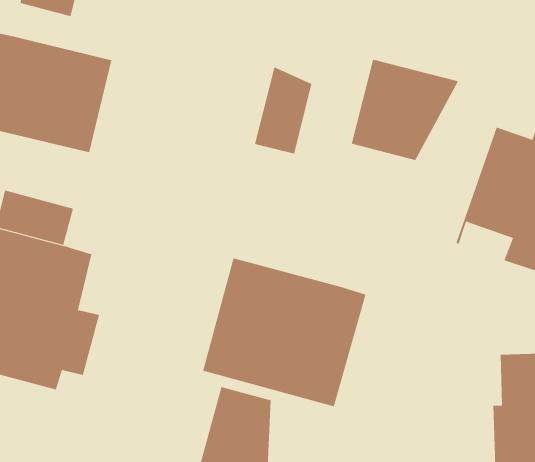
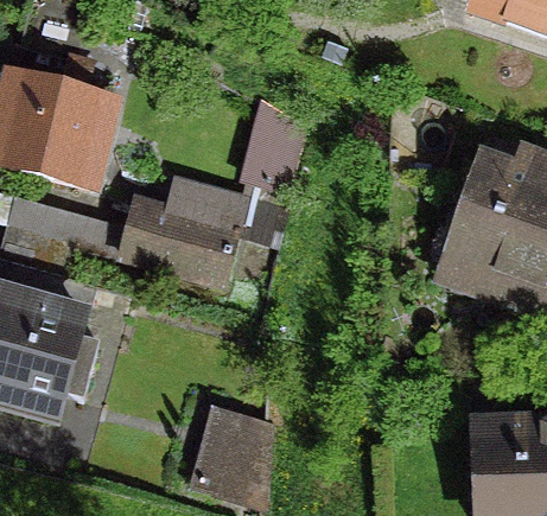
building: [351,59,459,161] -> none
building: none -> [119,189,243,282]
building: [202,258,366,407] -> none

